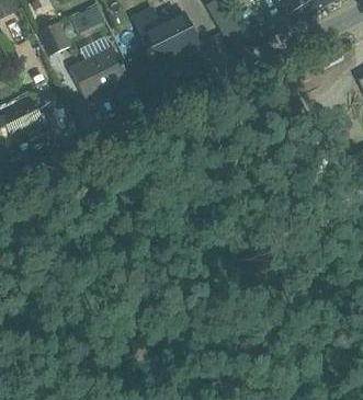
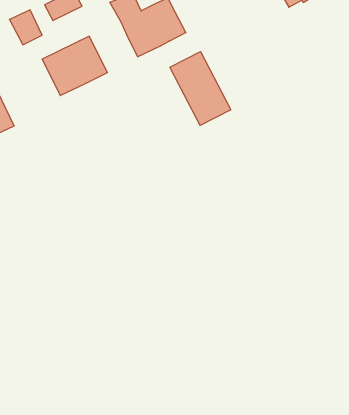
building: none -> [170,52,231,125]

